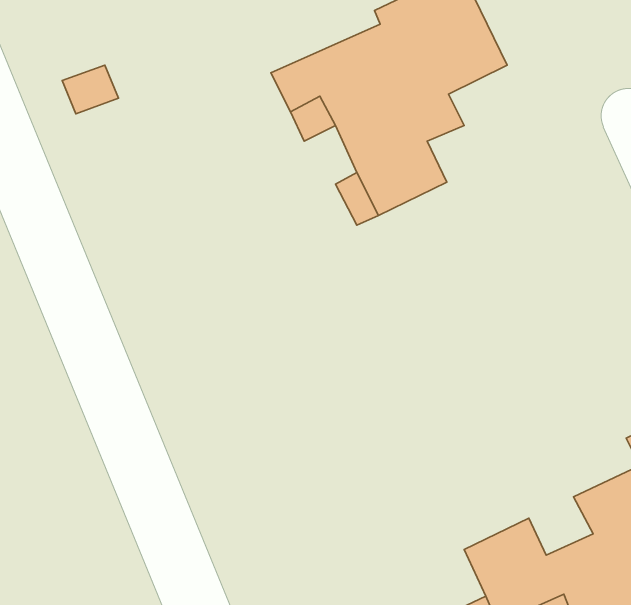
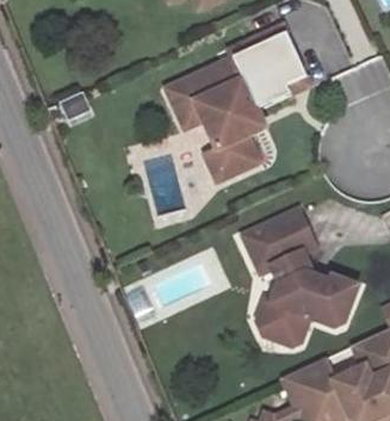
building: none -> [243,210,357,347]

